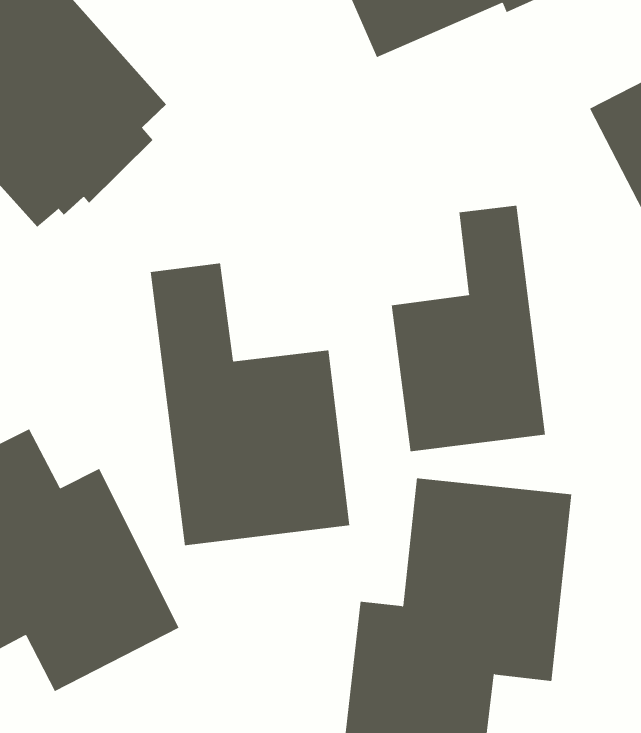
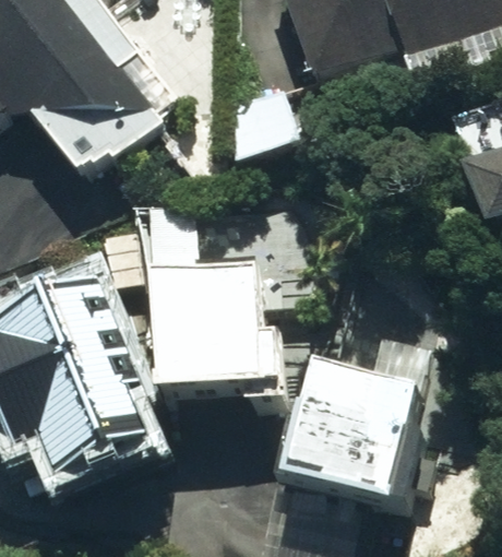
building: [391,205,545,452] -> none

